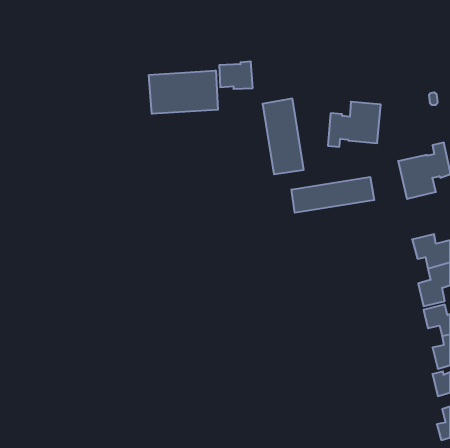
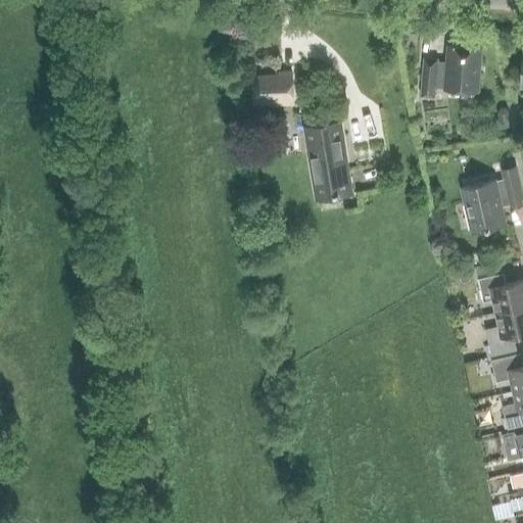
building: [149,70,218,114] -> none
building: [328,102,381,147] -> [421,46,482,98]
building: [292,177,374,213] -> none

